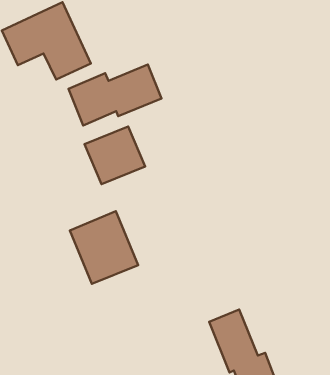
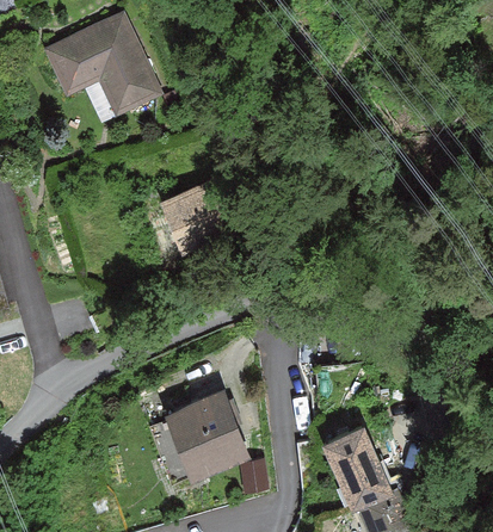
building: [68,65,162,125] -> none
building: [70,211,138,284] -> [160,385,252,483]

